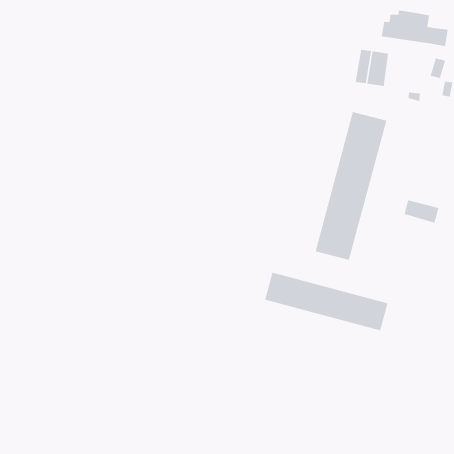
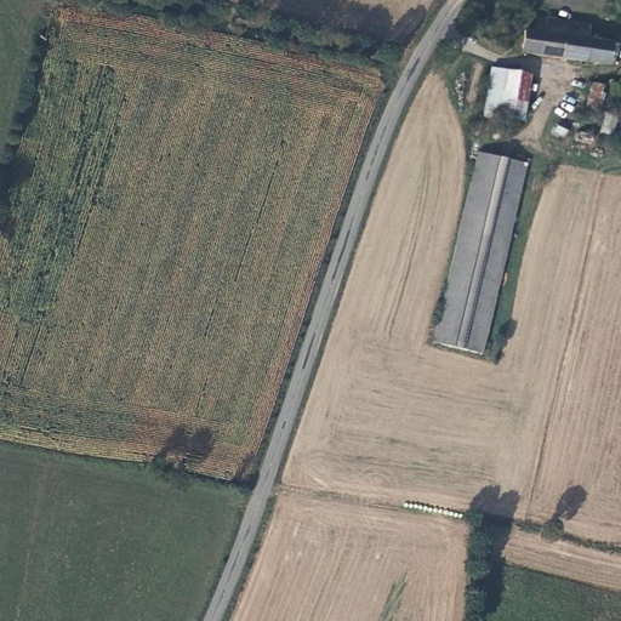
building: [404,199,439,223] -> none
building: [264,272,388,331] -> none

